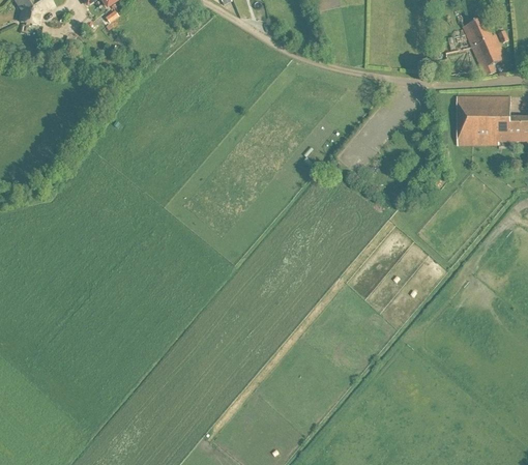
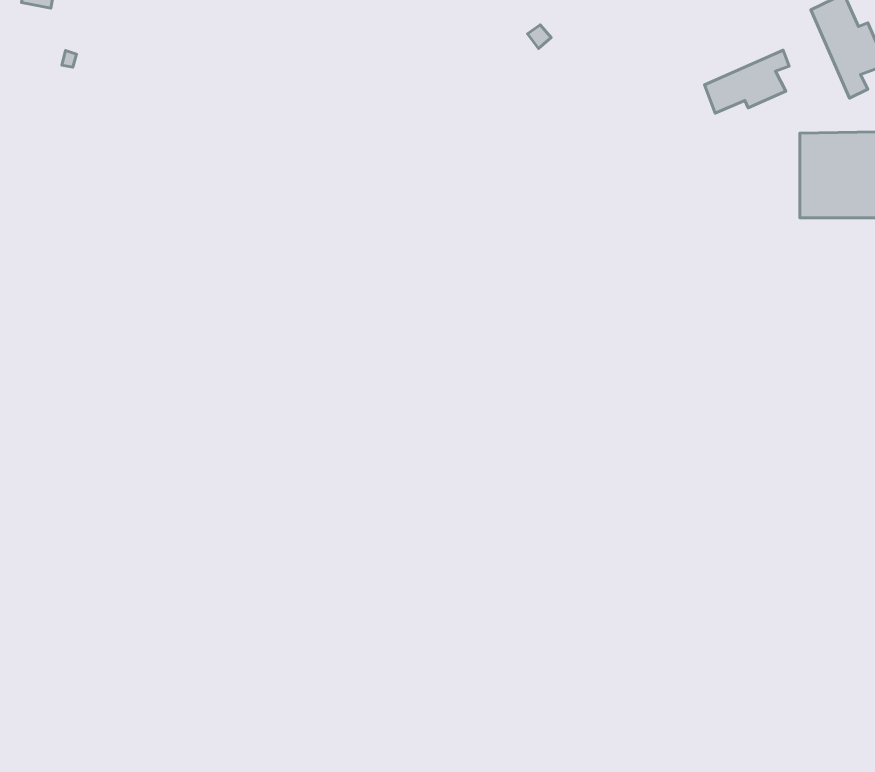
building: none -> [704,50,789,113]

